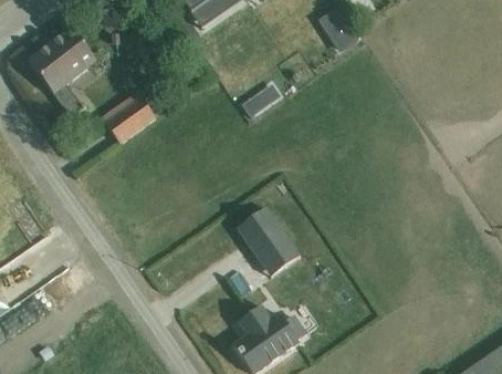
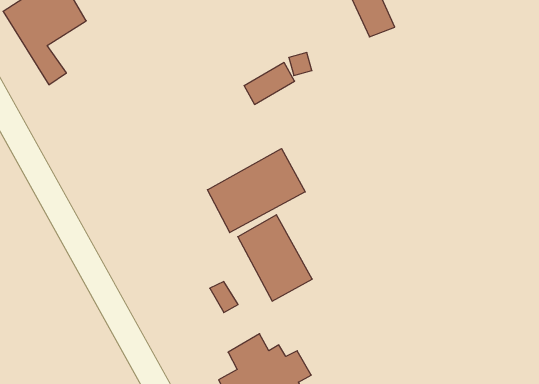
building: [101,92,169,144] -> none
building: none -> [207,149,305,233]

